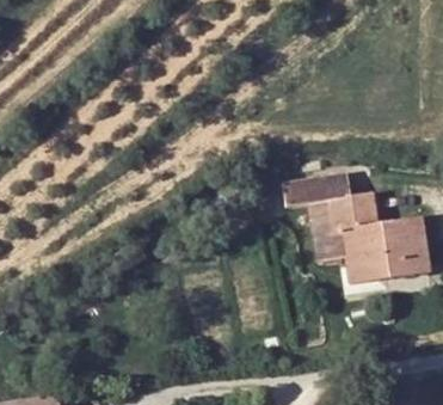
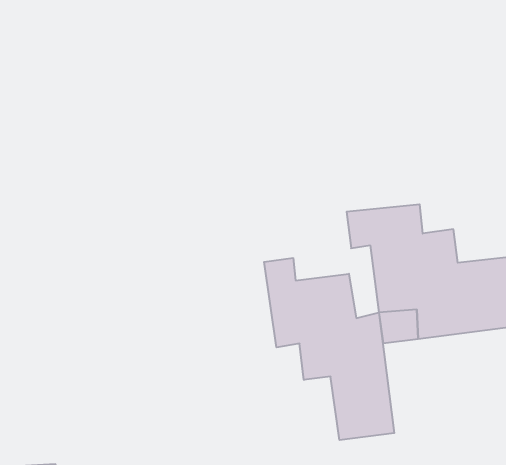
building: none -> [264,258,394,440]

